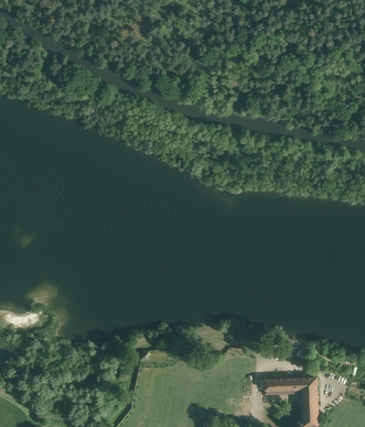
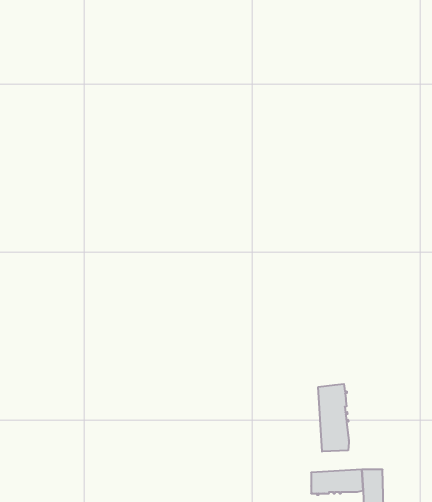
building: none -> [318,384,349,452]

